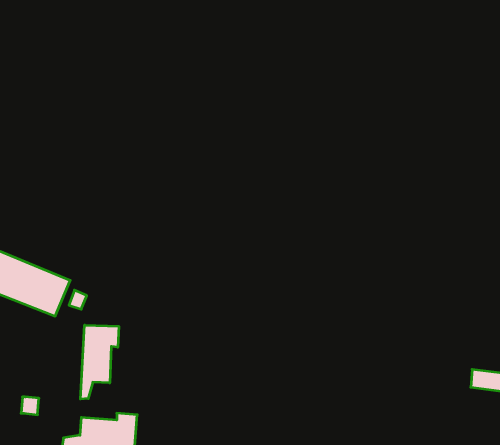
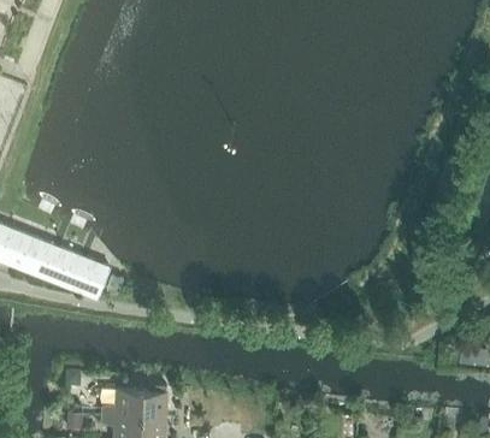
building: [80,325,119,399] -> none

